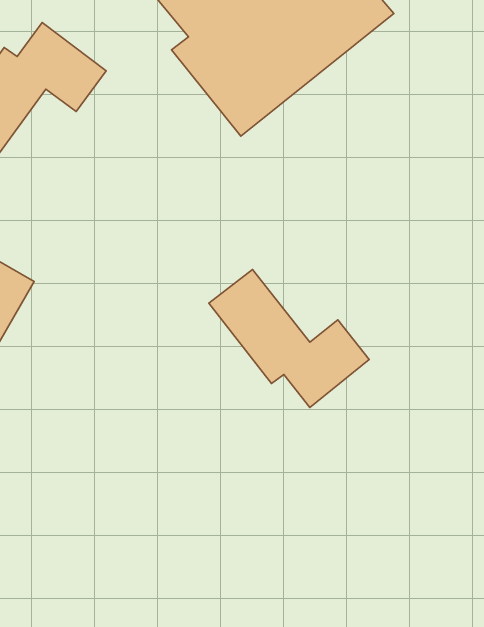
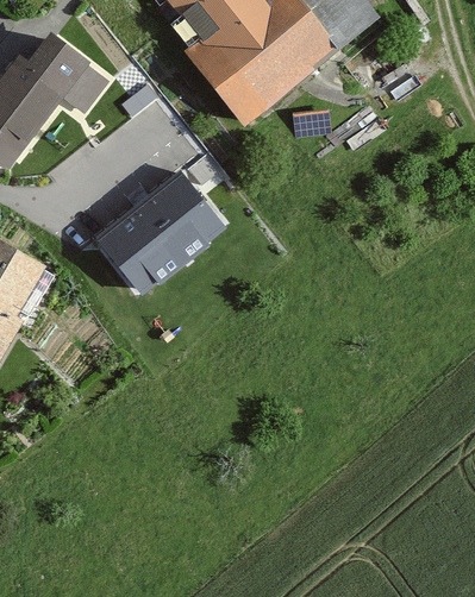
building: none -> [105,169,226,284]
building: [209,269,369,408] -> none

